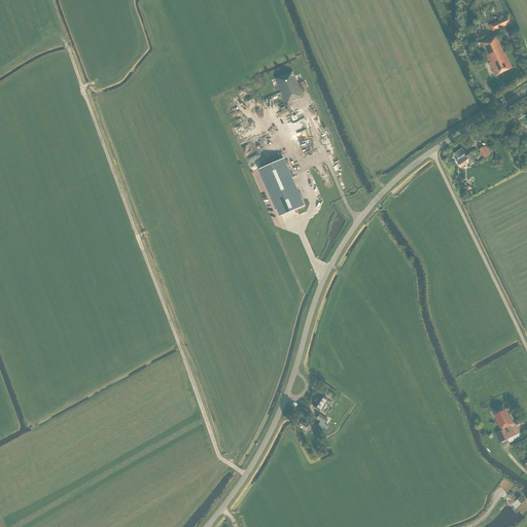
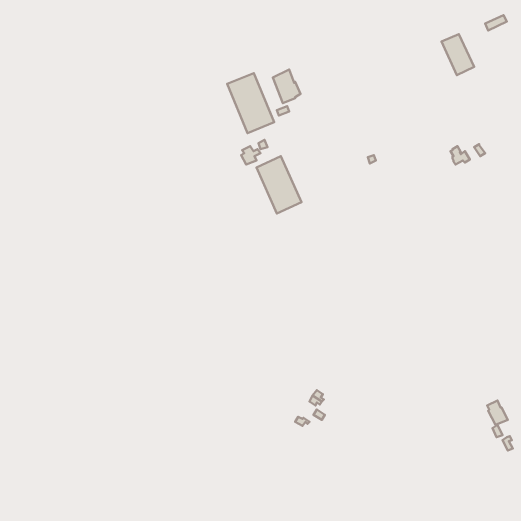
building: [479,34,512,75] -> [442,34,474,75]
building: none -> [227,73,274,133]

